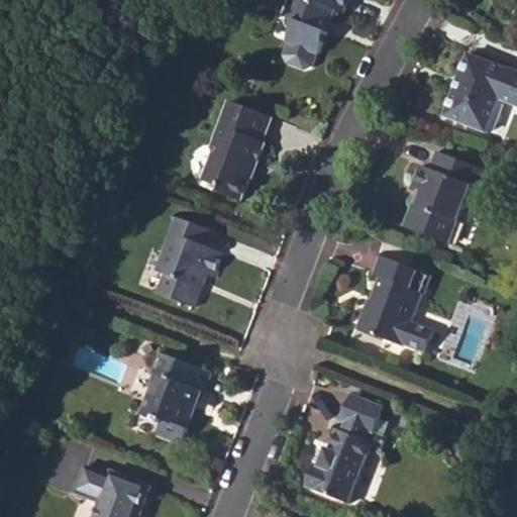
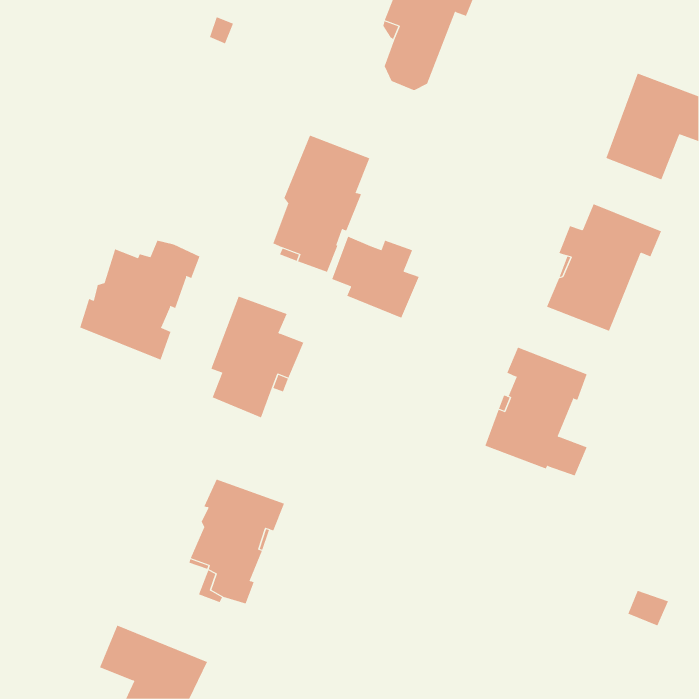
building: none -> [332,236,419,319]
building: none -> [80,240,200,360]
building: [304,392,384,503] -> none

